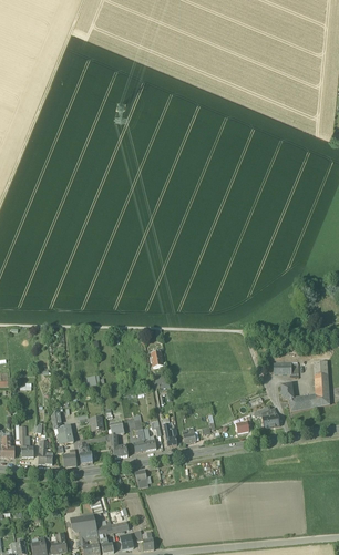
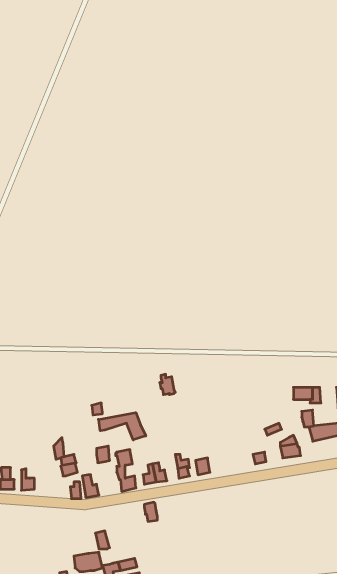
building: none -> [98,413,146,440]

